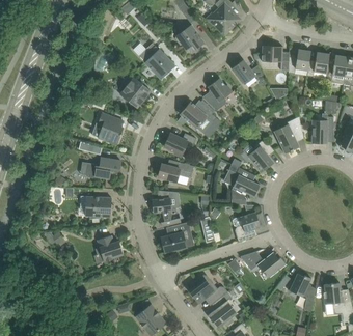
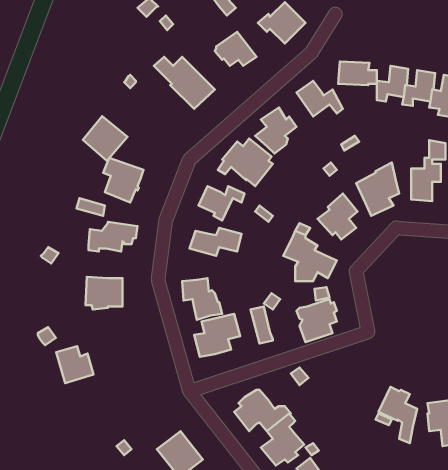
building: [119,77,151,108] -> [83,116,128,161]
building: [97,235,123,261] -> [56,346,94,383]
building: [240,251,284,276] -> none

